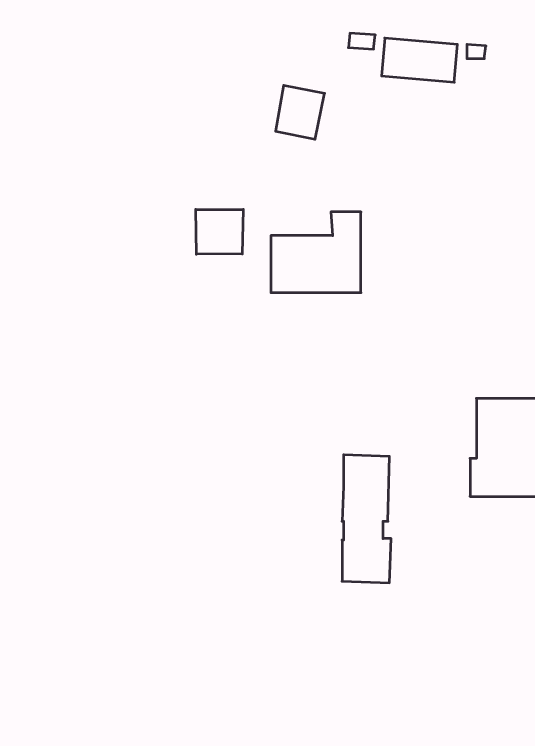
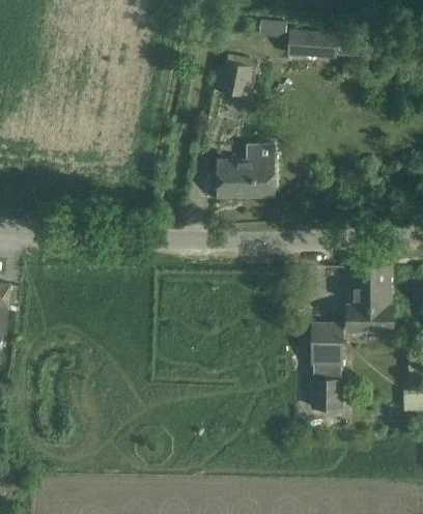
building: [196,209,243,254] -> none
building: [342,455,391,583] -> [312,323,344,407]

